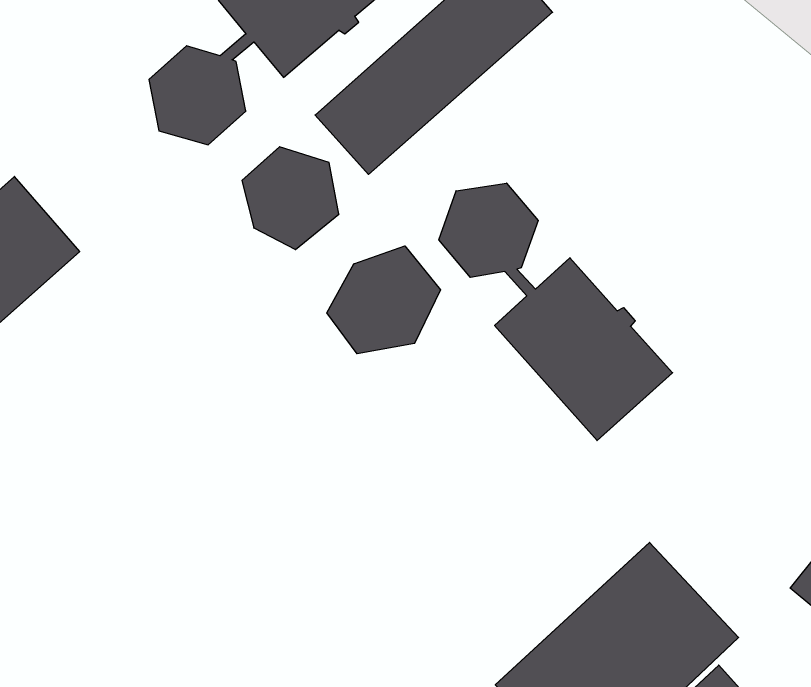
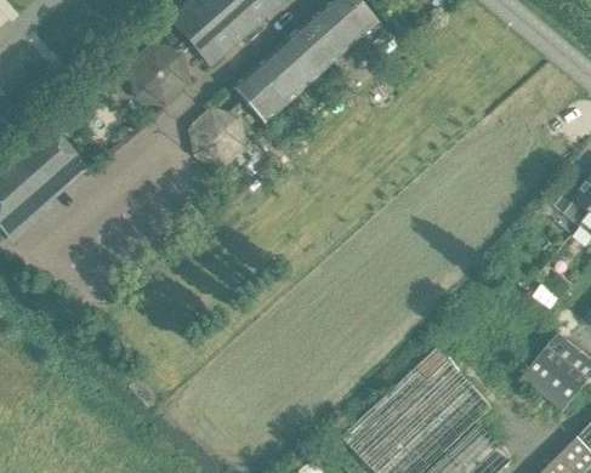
building: [439,183,673,441] -> none
building: [327,246,441,354] -> none

